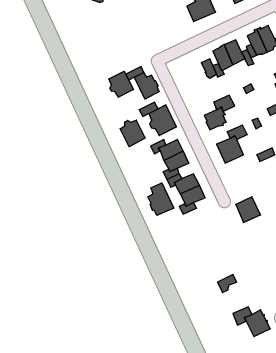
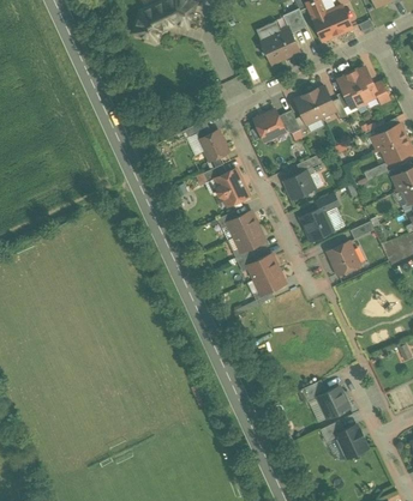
building: none -> [255,110,287,141]
building: [109,71,134,97] -> none
building: [120,120,145,147] -> none
building: [148,183,174,215] -> none
building: [236,197,261,223] -> [328,242,359,274]
building: none -> [317,386,349,418]

